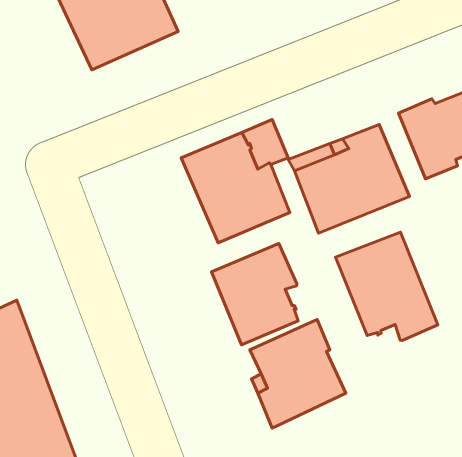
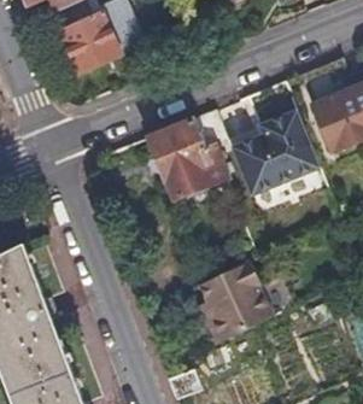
building: [336,232,438,341] -> none
building: [212,244,298,345] -> none

